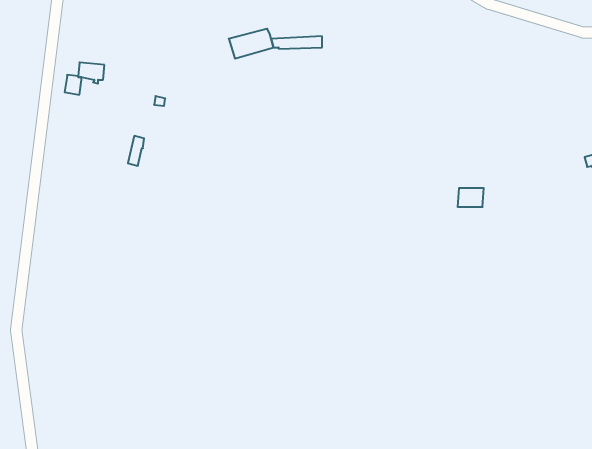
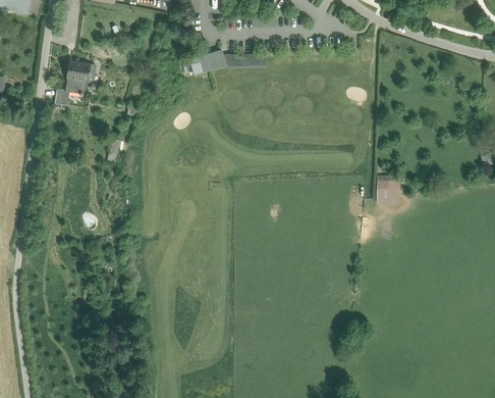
building: none -> [67,59,91,80]

